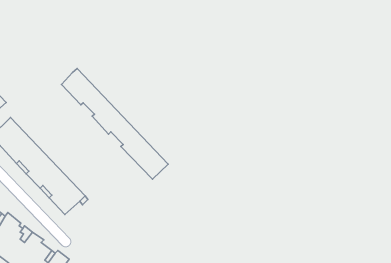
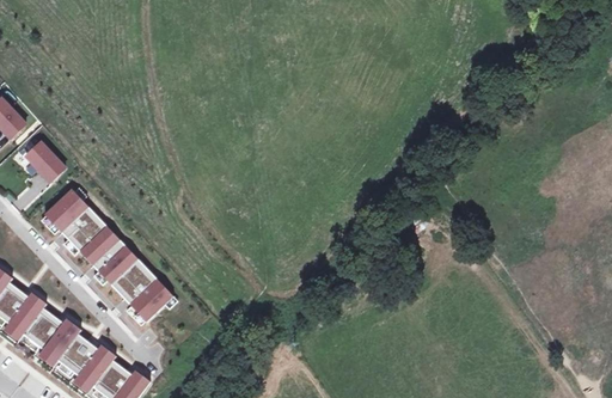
building: [62,69,168,179] -> none

